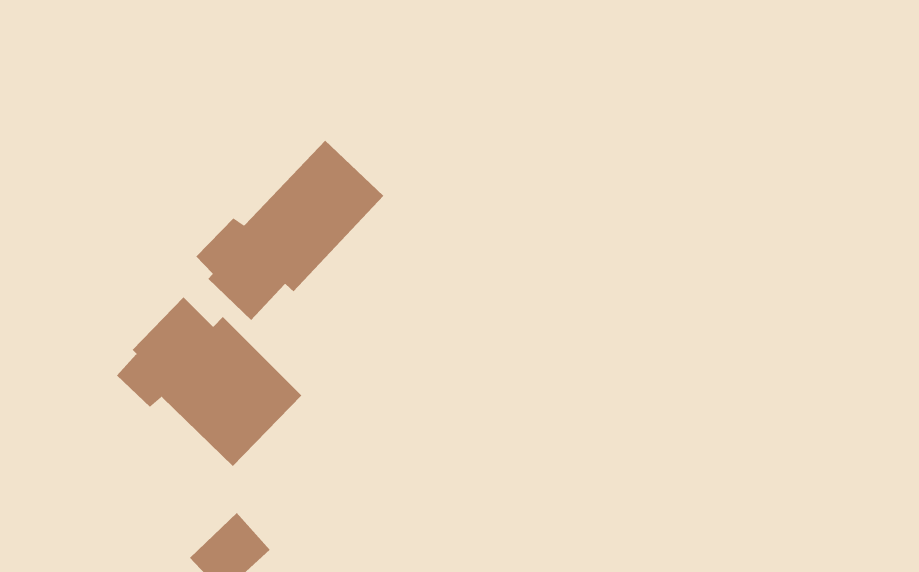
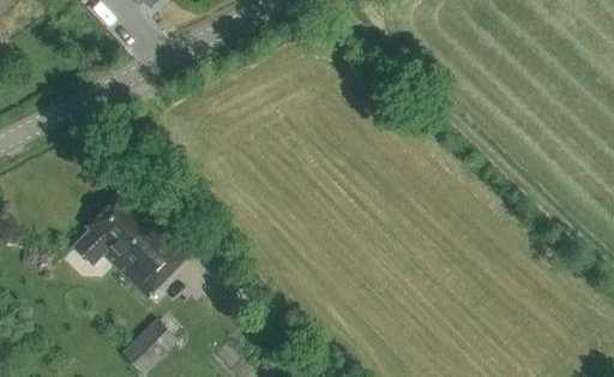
building: [195,140,384,321] -> none

